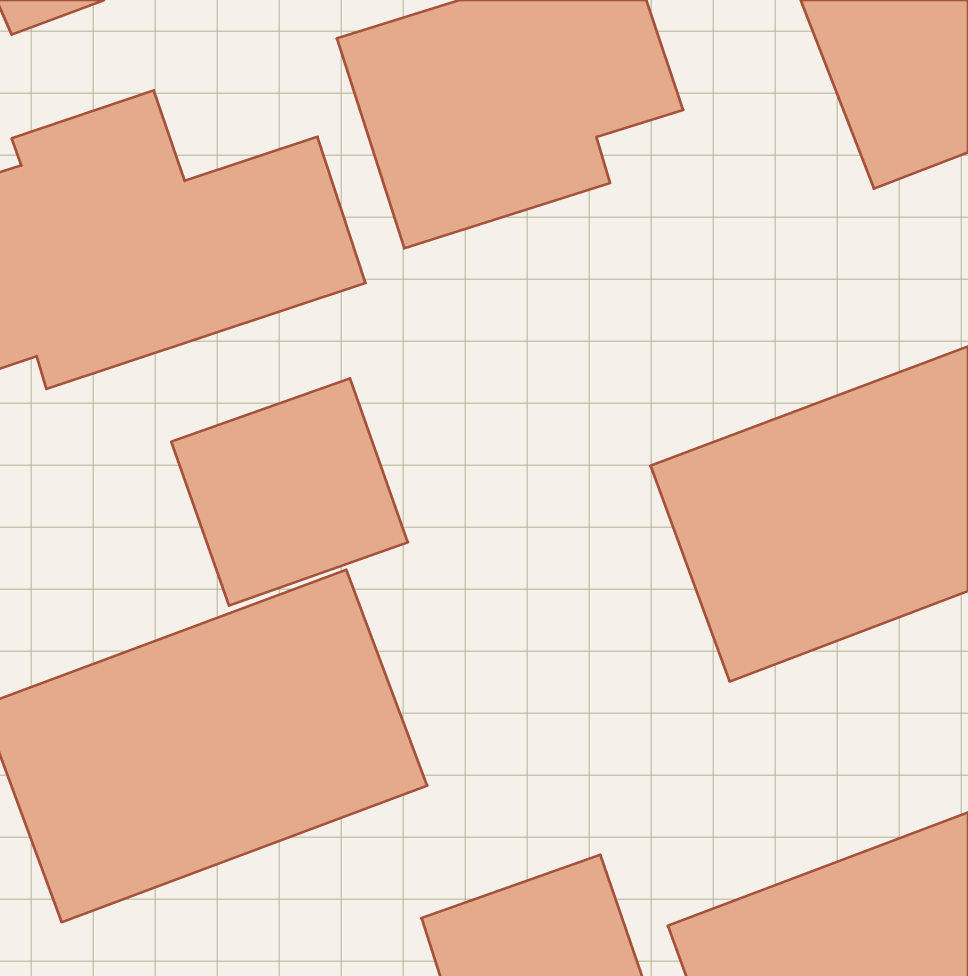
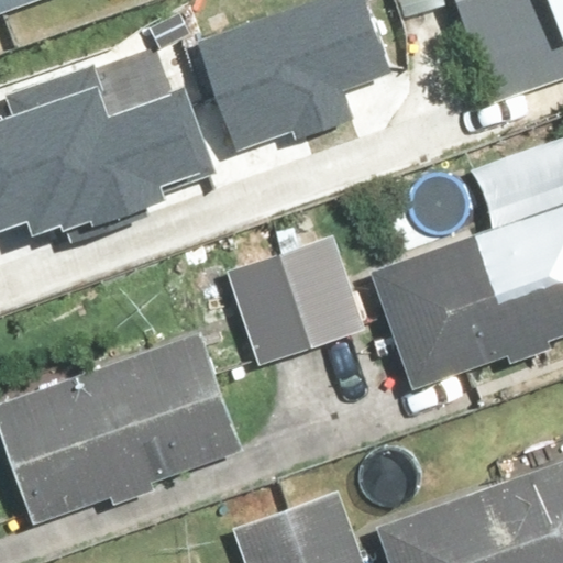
building: [171,378,408,606] -> [227,238,362,367]

